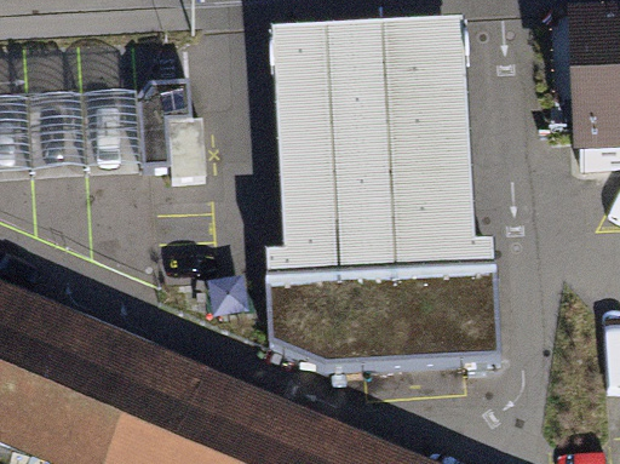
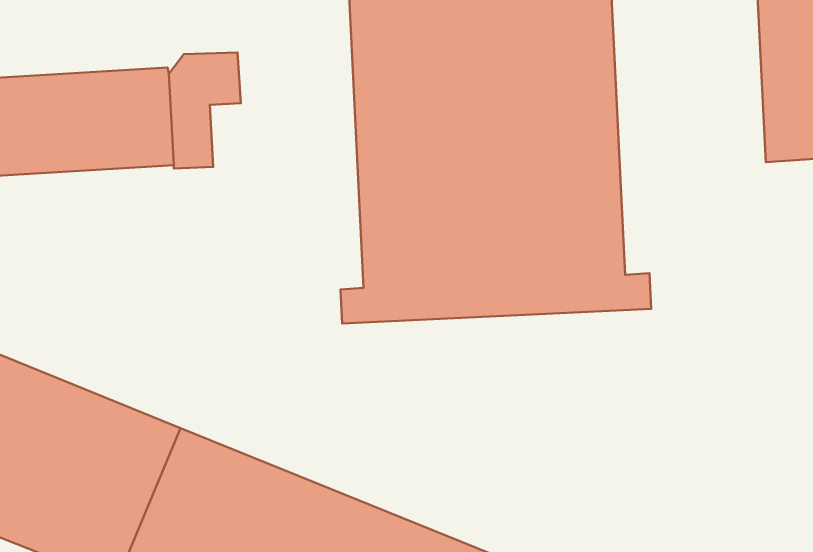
building: [266,264,501,360] -> none

